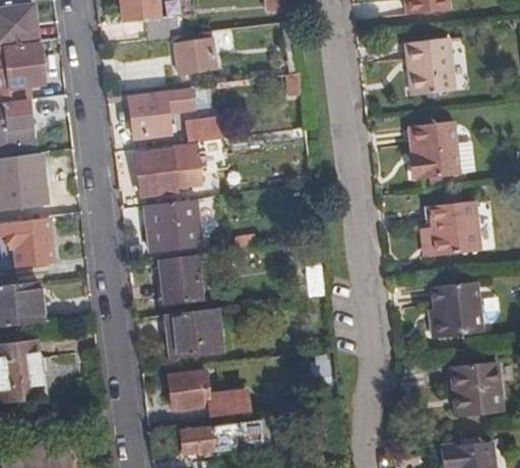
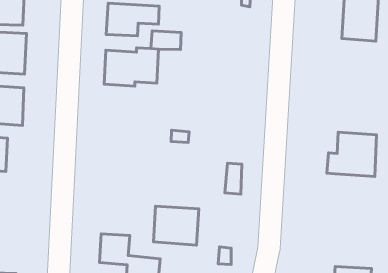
building: [412,119,460,176] -> none
building: [145,199,201,253] -> none
building: [160,256,201,304] -> none
building: [432,279,482,334] -> none
building: [164,310,220,358] -> [154,206,199,245]

